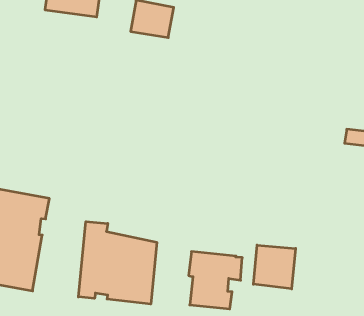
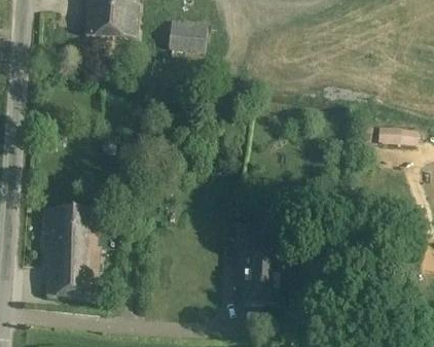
building: [78,222,157,304] -> none
building: [253,245,296,289] -> none

